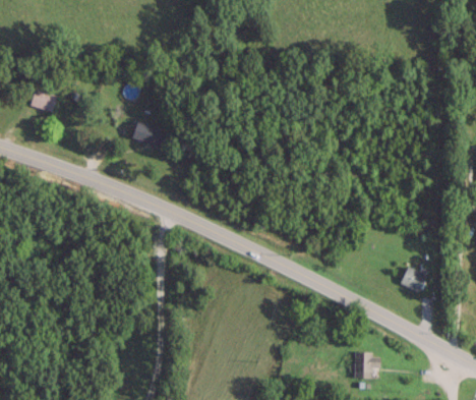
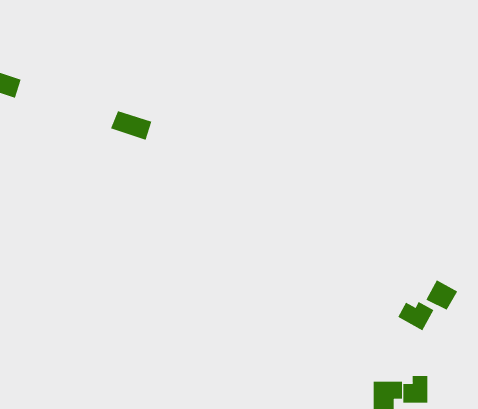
building: none -> [397,301,434,331]
building: none -> [403,375,428,404]

